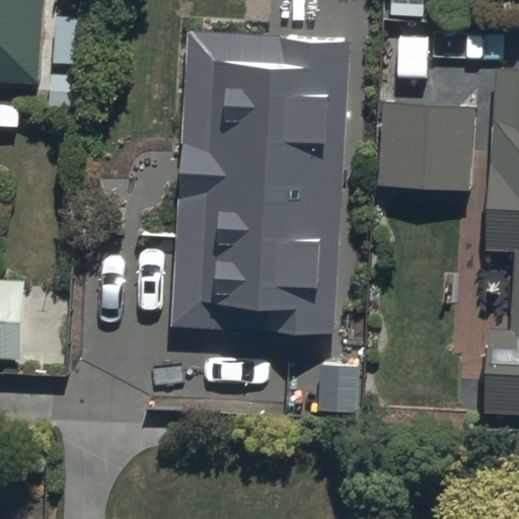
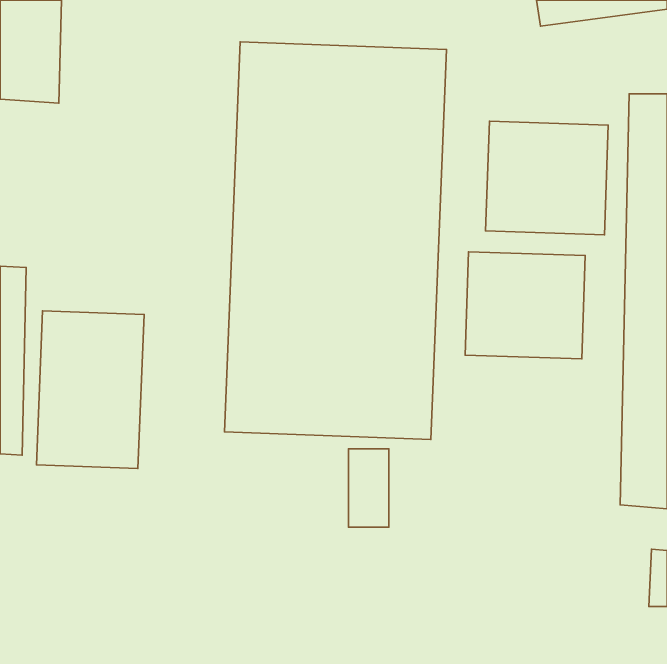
building: none -> [465,252,585,359]
building: none -> [36,311,144,469]

